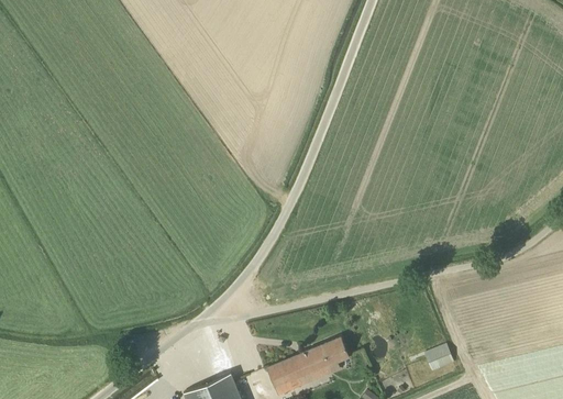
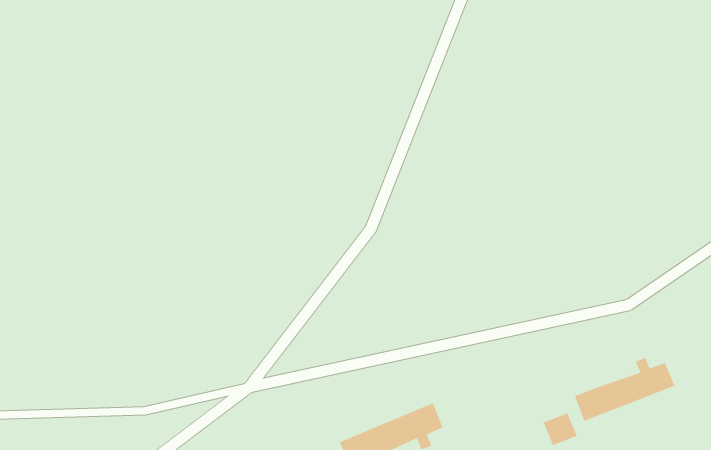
building: none -> [574,357,676,422]

